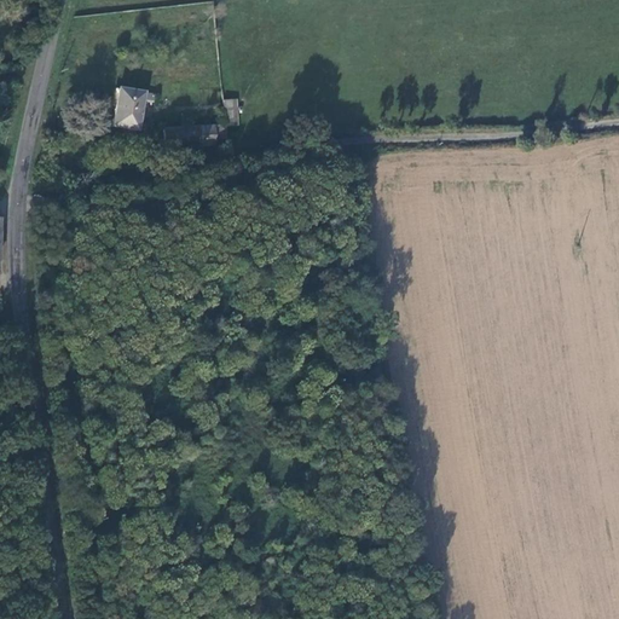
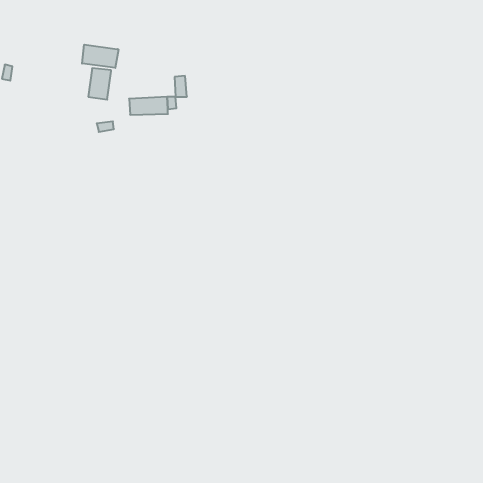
building: none -> [82,45,118,68]

